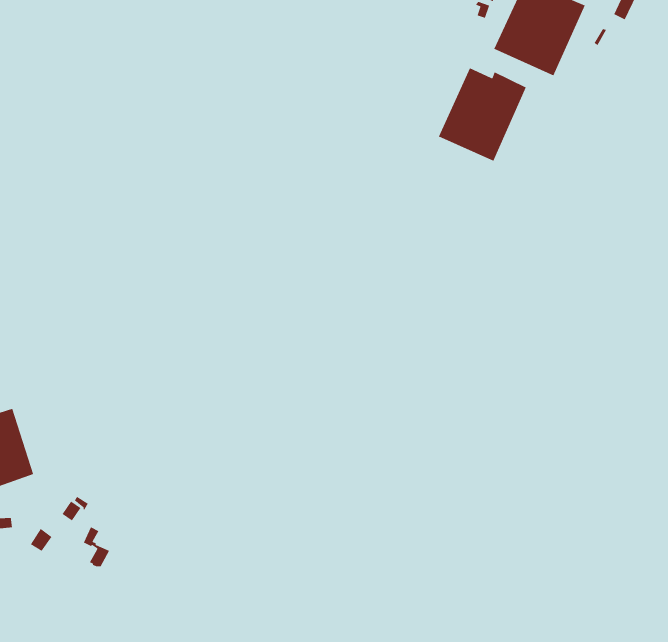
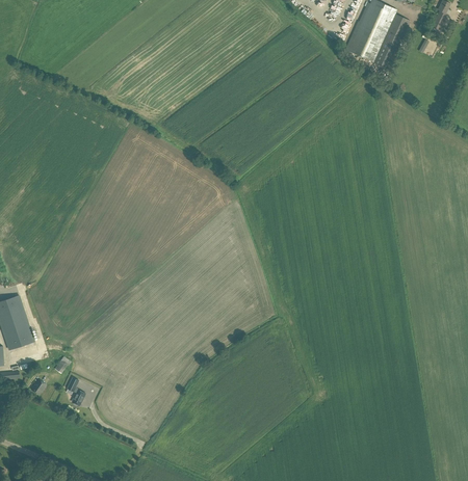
building: [438,67,527,162] -> none

